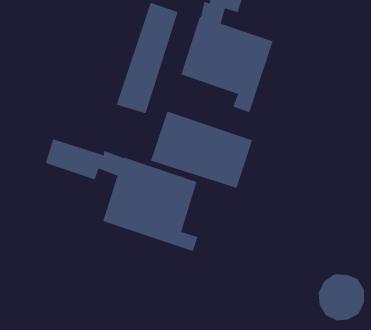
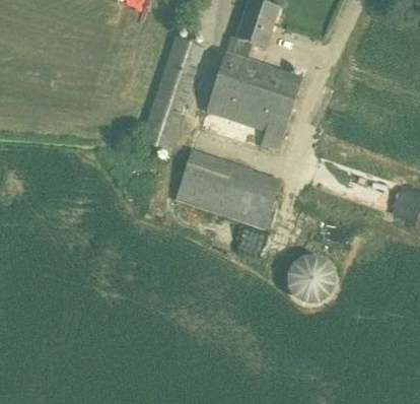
building: [45,138,198,252] -> none
building: [318,274,365,321] -> [286,255,335,304]

